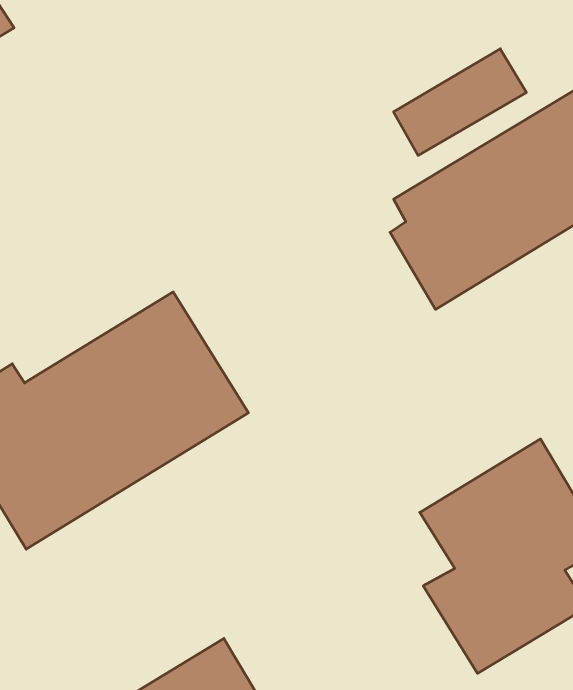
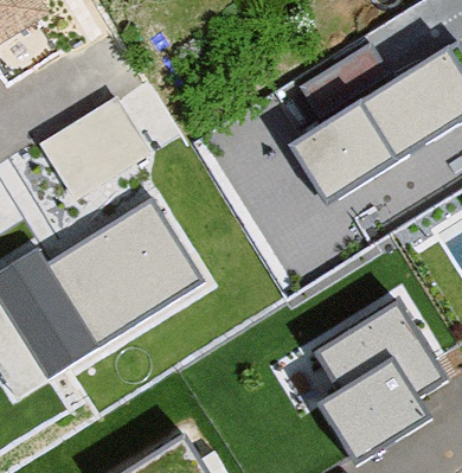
building: none -> [41,79,155,184]

